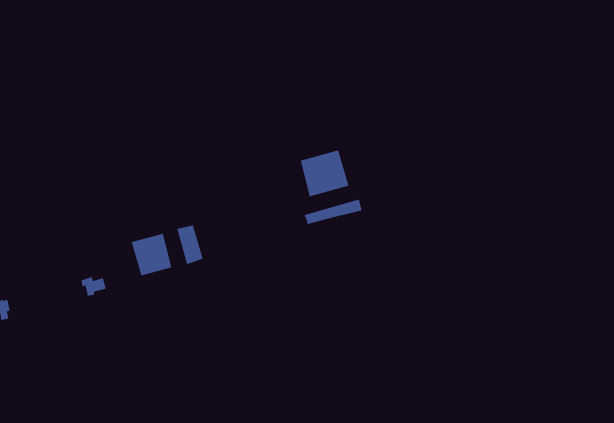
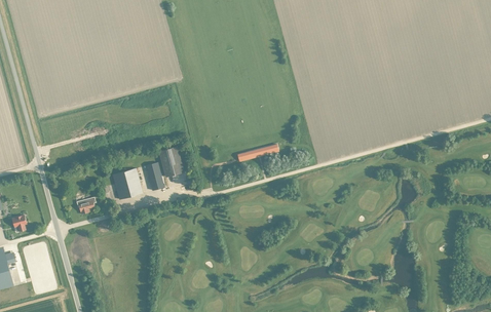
building: [300,150,349,197] -> none
building: none -> [158,147,183,177]

